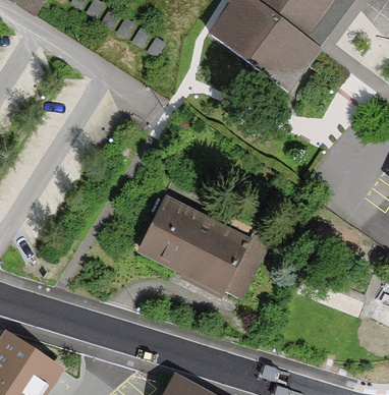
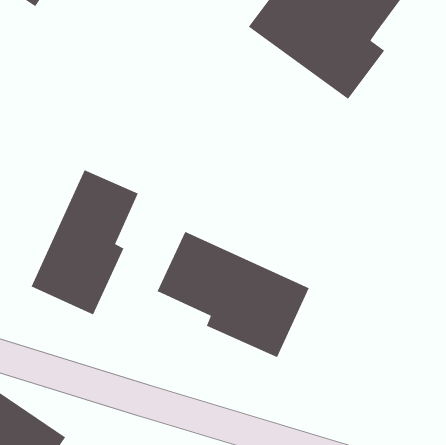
building: none -> [31,169,139,316]

